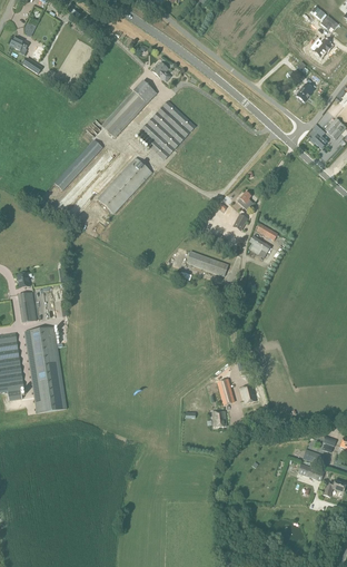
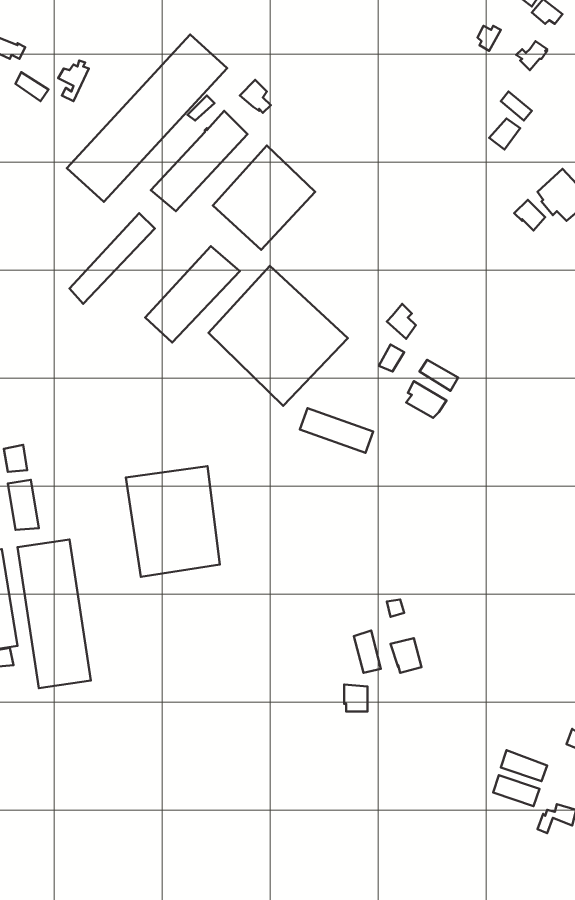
building: none -> [67,34,227,202]
building: none -> [208,266,348,406]
building: none -> [126,466,220,577]

